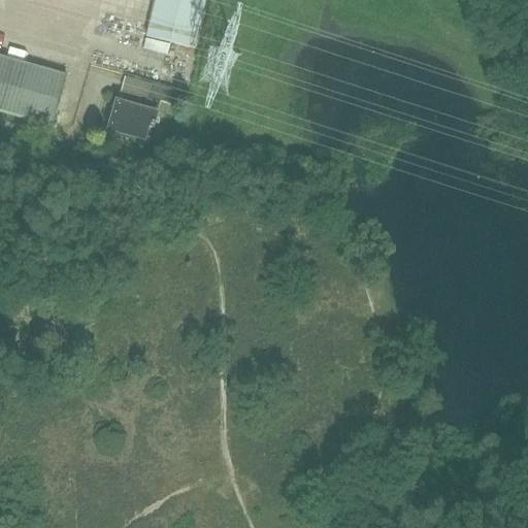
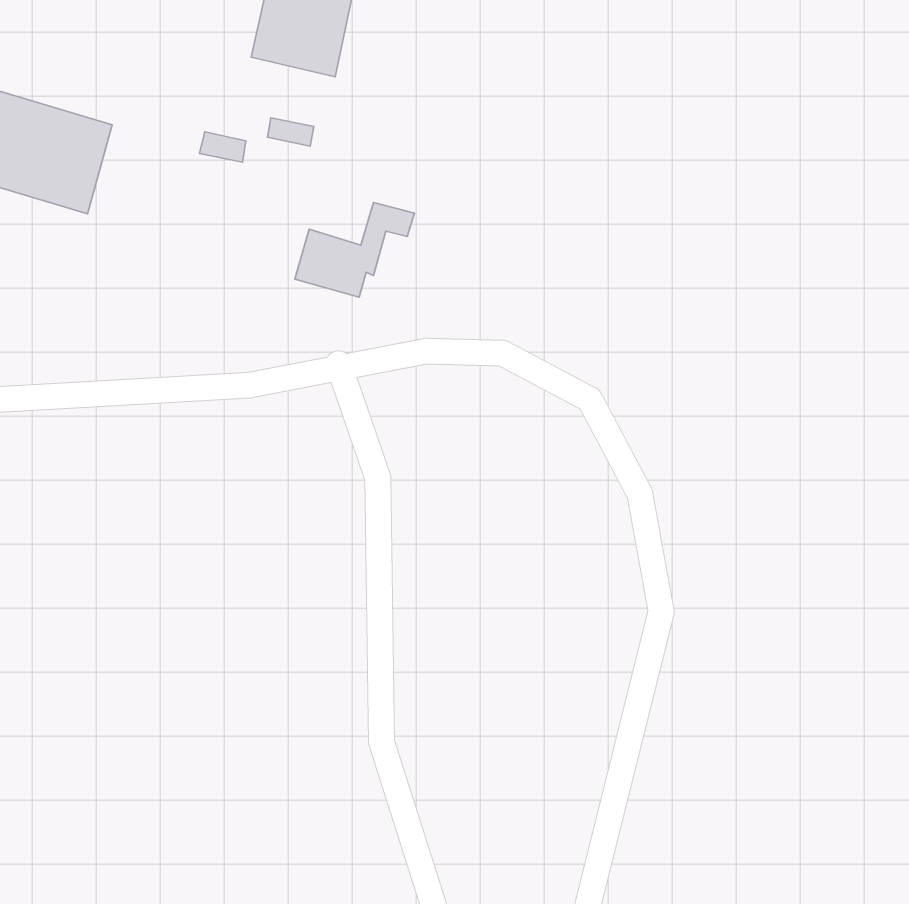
building: [105,81,174,136] -> [295,203,414,297]

